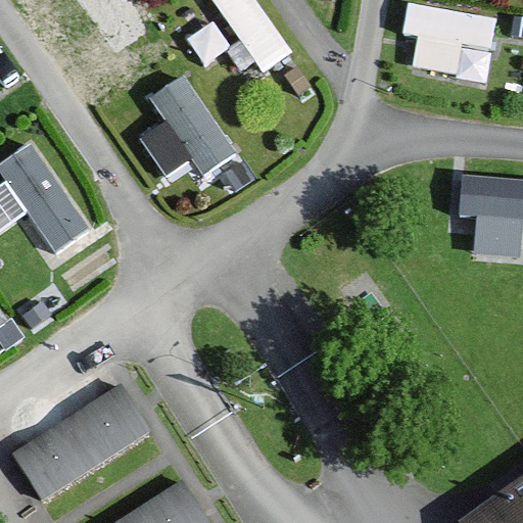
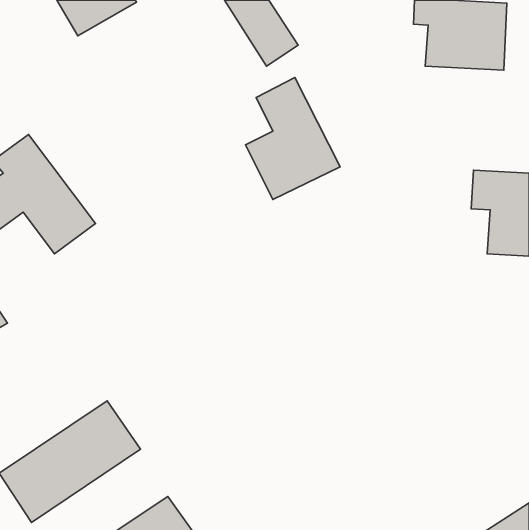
building: [139,70,231,189] -> [246,78,340,199]

